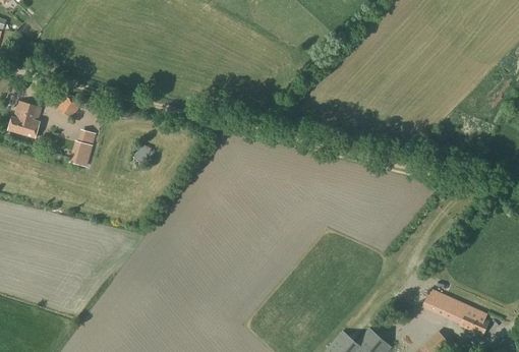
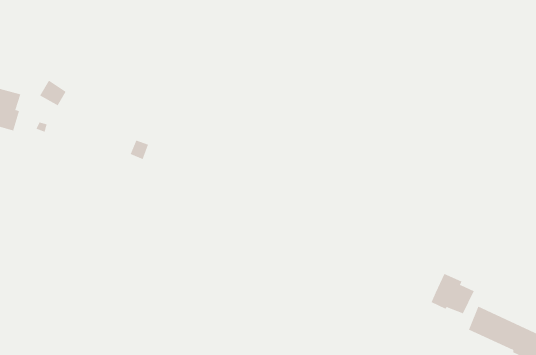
building: [70,140,94,168] -> none
building: none -> [431,273,474,314]

